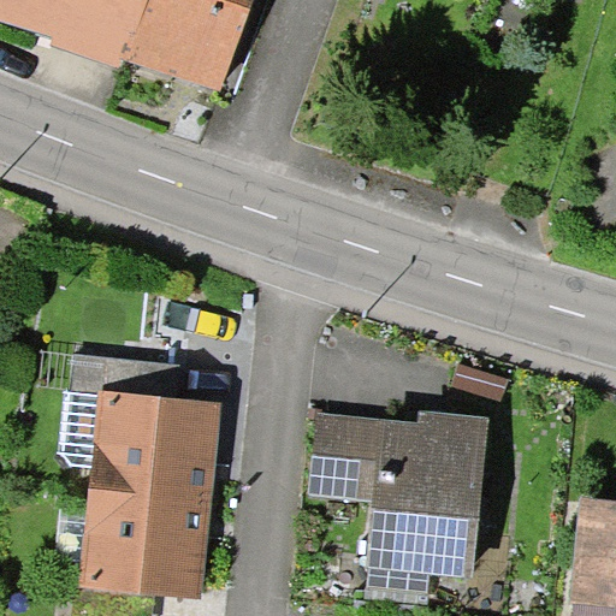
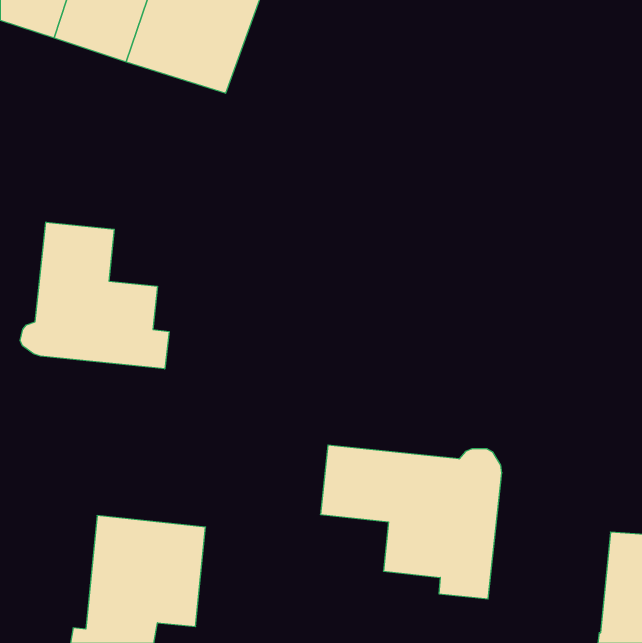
building: none -> [20,222,169,369]
building: [70,359,208,503] -> none

